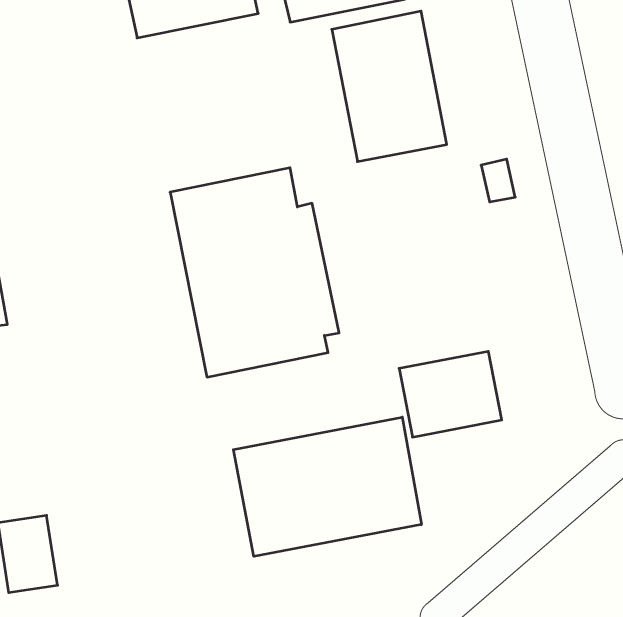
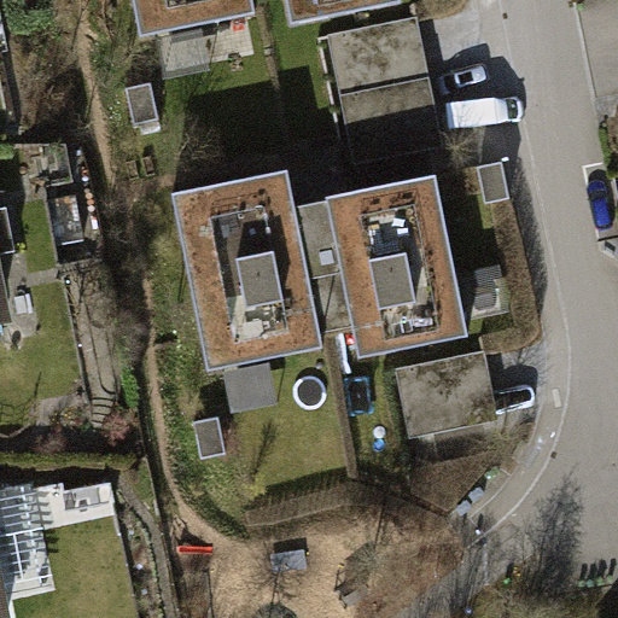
building: none -> [308,175,468,355]
building: [233,417,421,556] -> none

